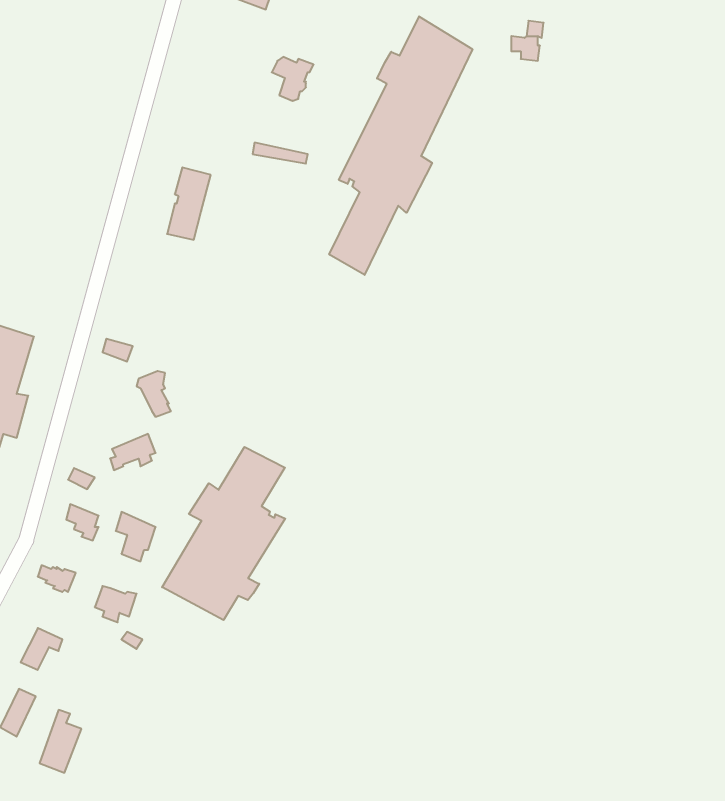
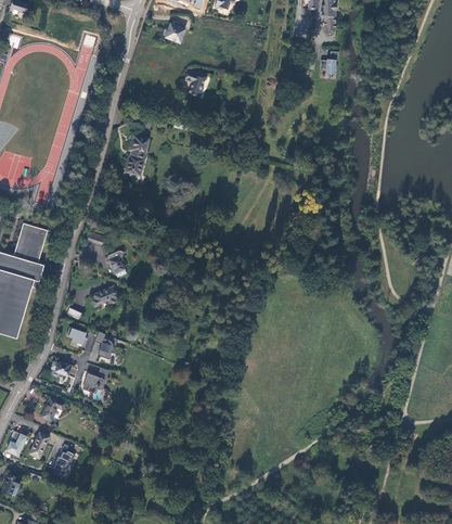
building: [329,16,472,275] -> none
building: [162,447,285,620] -> none

